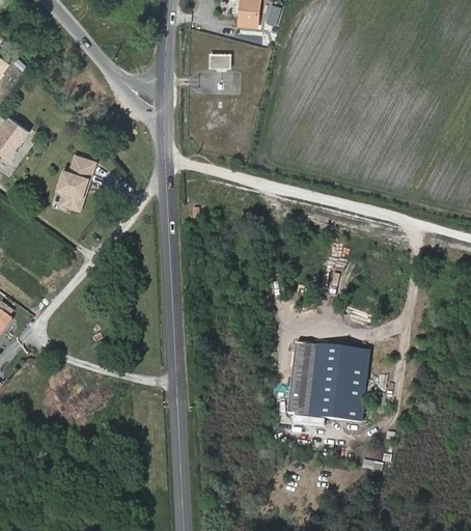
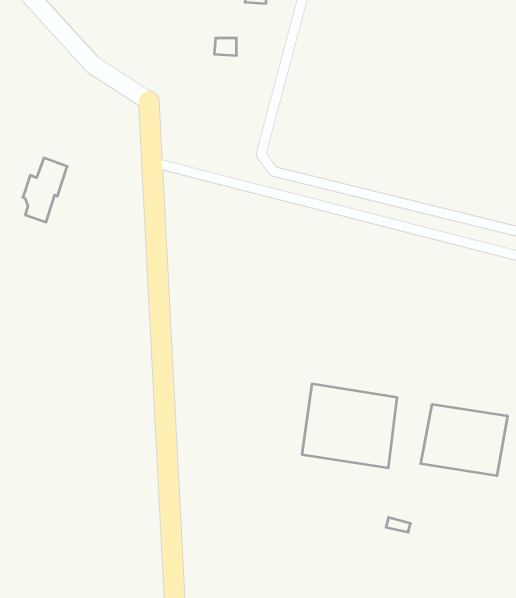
building: none -> [421,404,507,476]

